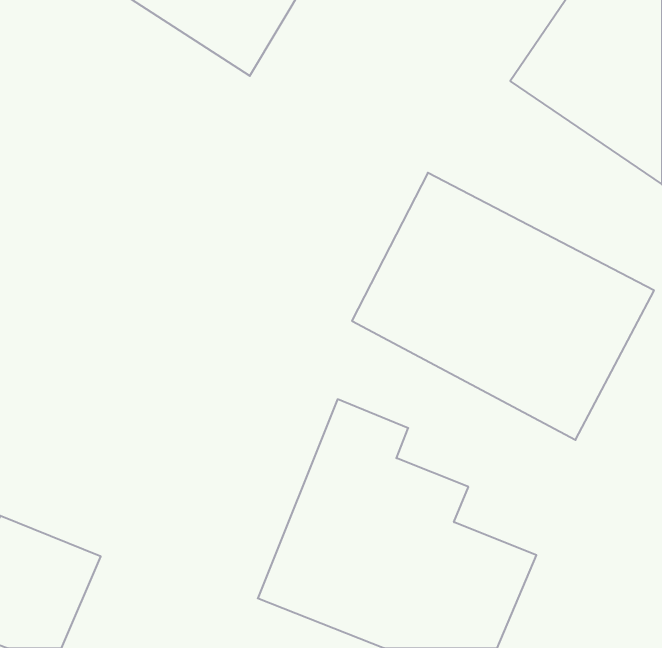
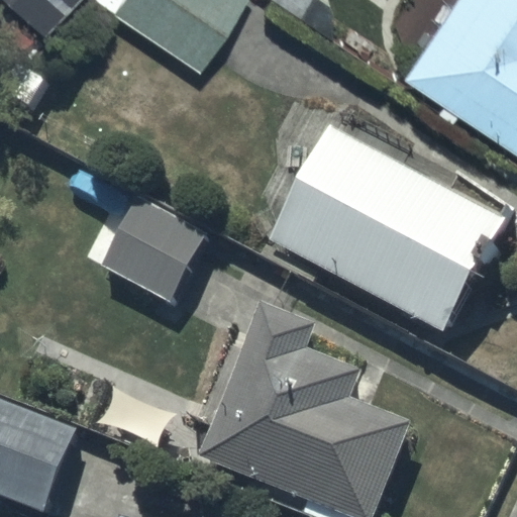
building: none -> [100,194,208,303]

